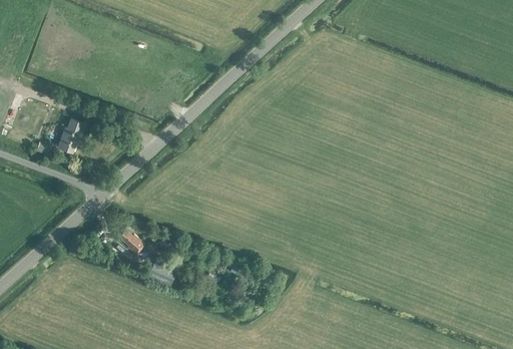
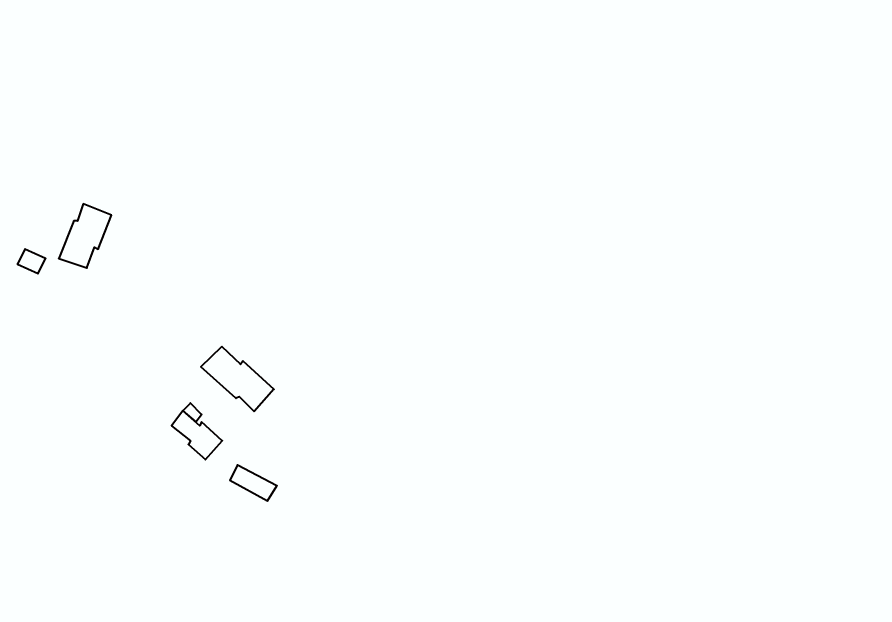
building: none -> [201,347,274,411]

